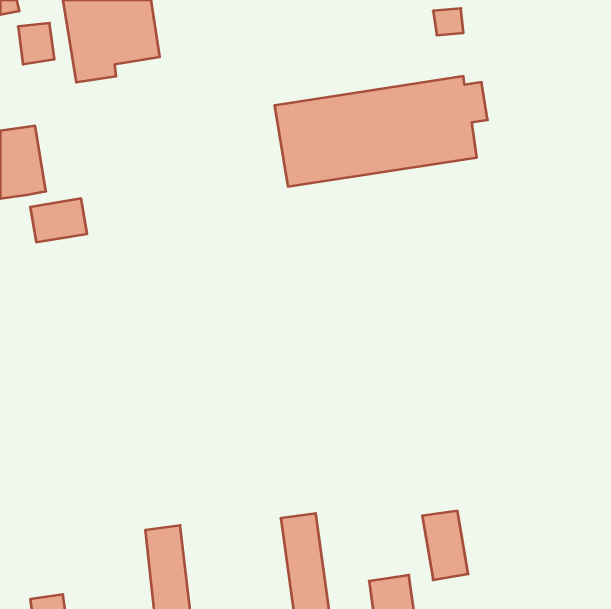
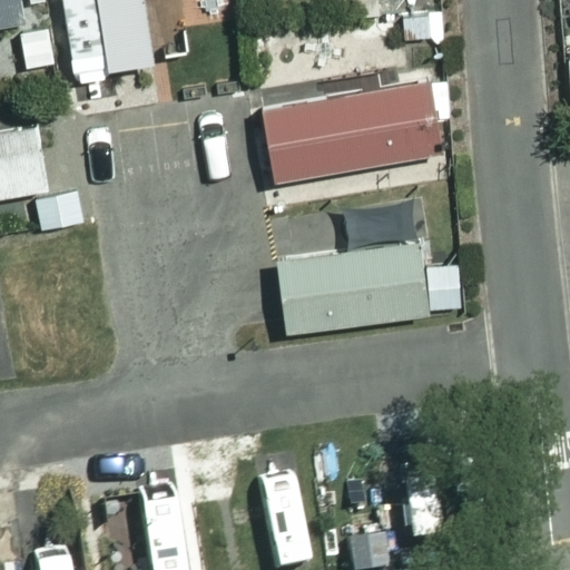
building: none -> [276,239,466,333]

